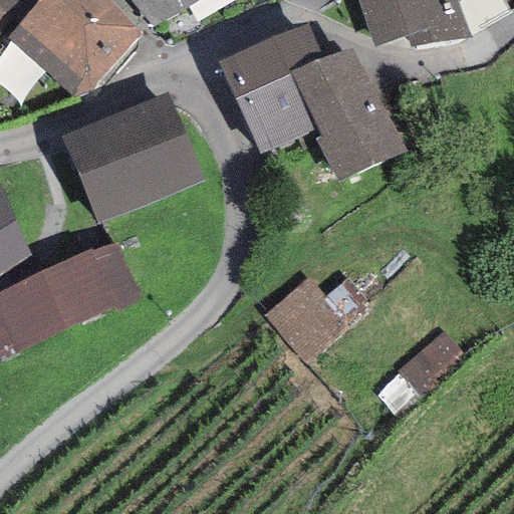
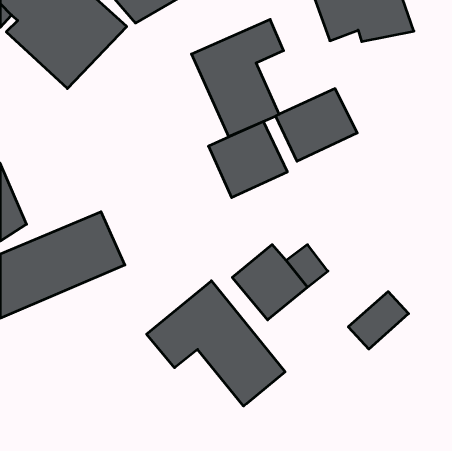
building: [291,43,380,130] -> [208,121,287,198]
building: [61,90,205,224] -> none
building: none -> [147,281,285,406]

